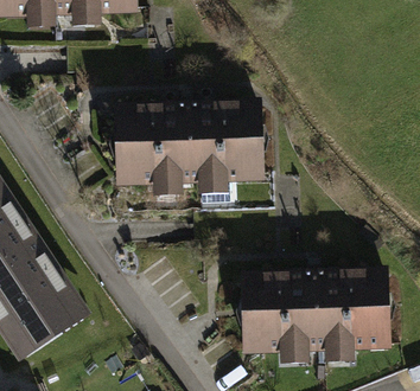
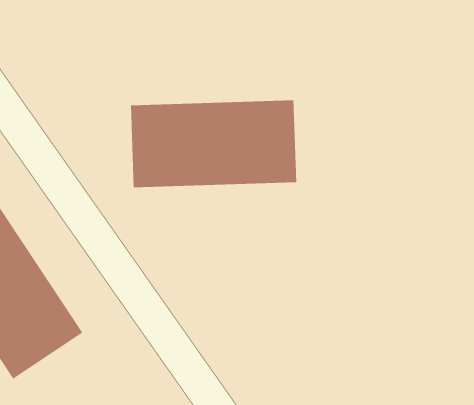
building: [244,274,388,350] -> none

